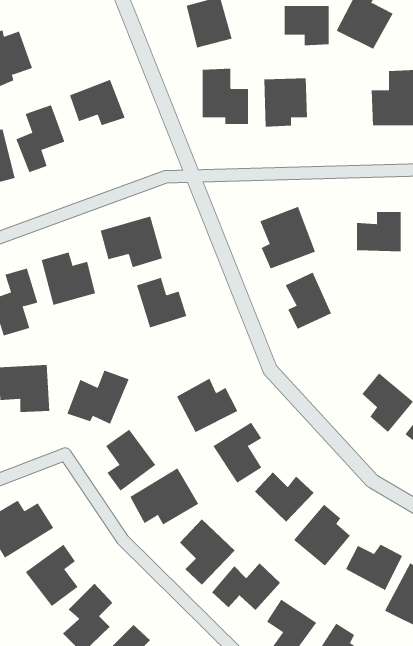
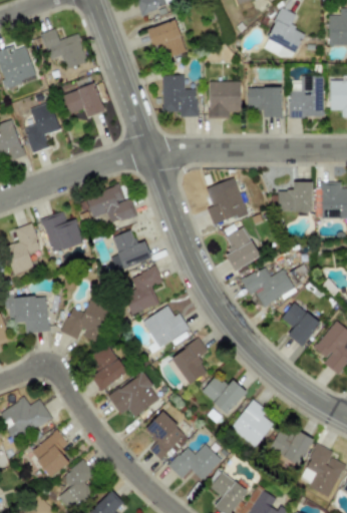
building: [284,6,329,46] -> [248,87,282,117]
building: none -> [41,29,86,68]
building: none -> [123,267,162,314]
building: none -> [241,267,295,306]

